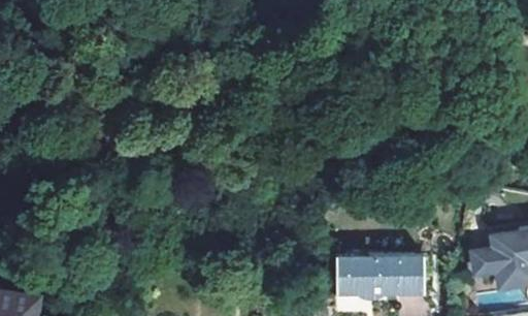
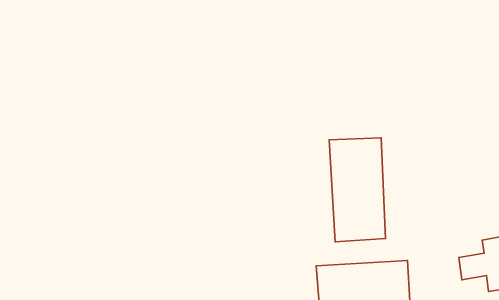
building: none -> [329,138,385,242]

